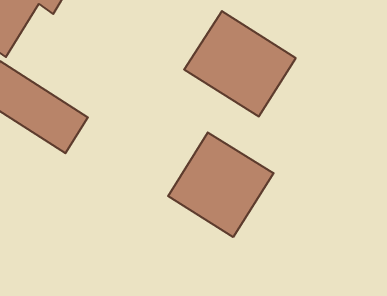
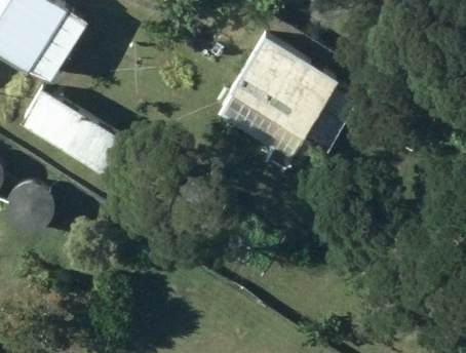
building: [168,132,274,237] -> none

